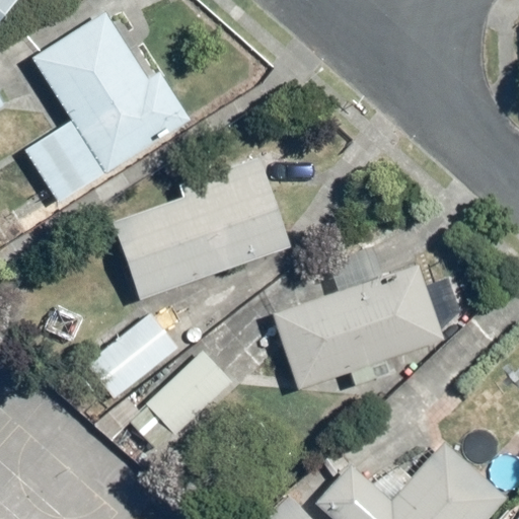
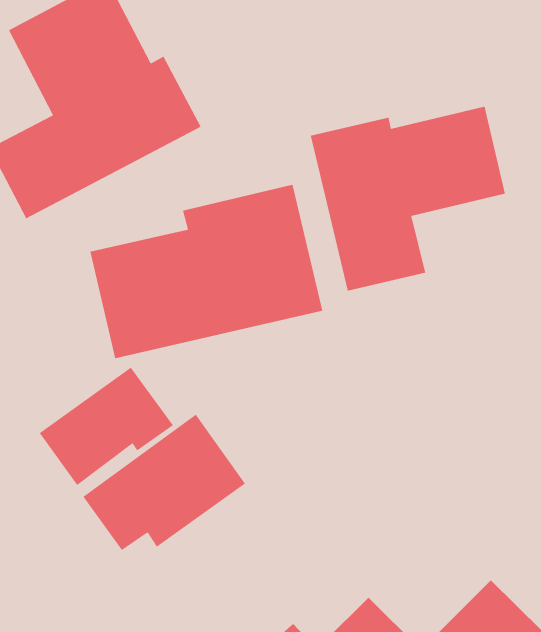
building: none -> [310,106,505,292]
building: [272,241,443,390] -> none

